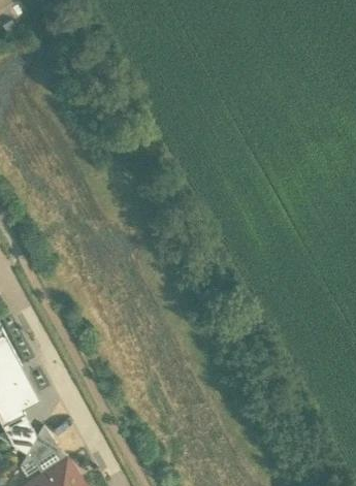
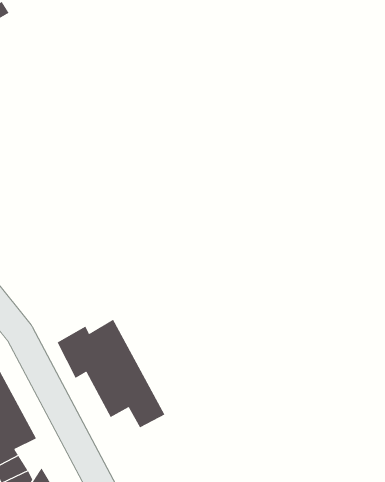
building: none -> [57,319,165,428]

